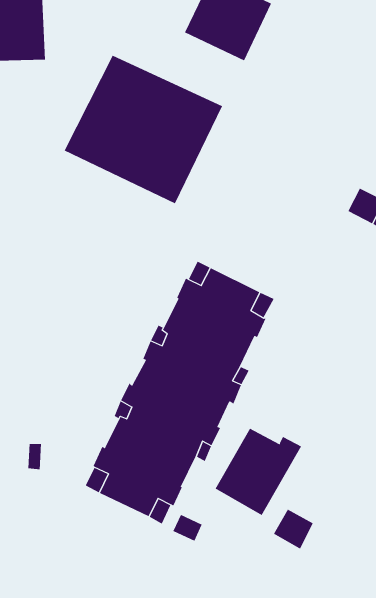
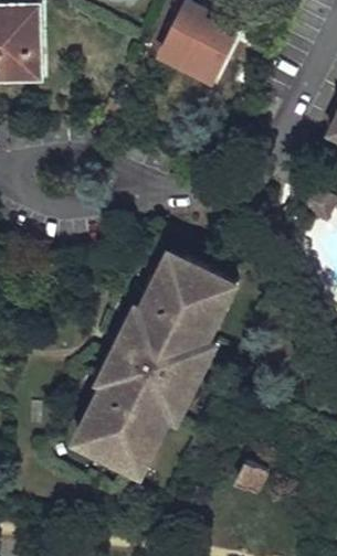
building: [64,55,223,204] -> none
building: [215,428,302,516] -> none

